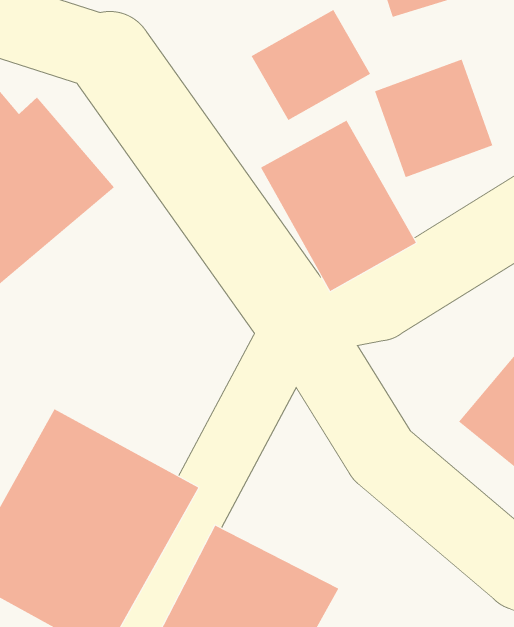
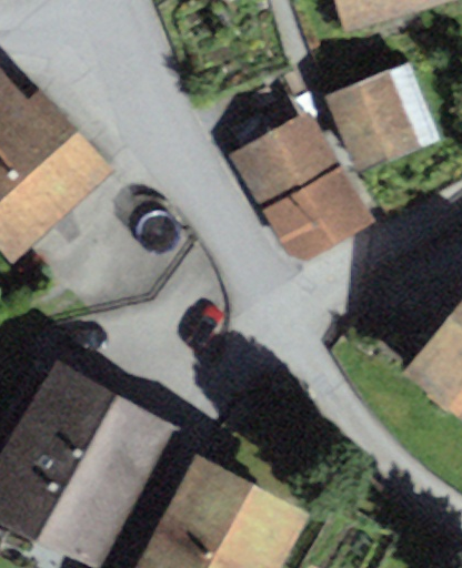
building: [251,9,371,121] -> none

